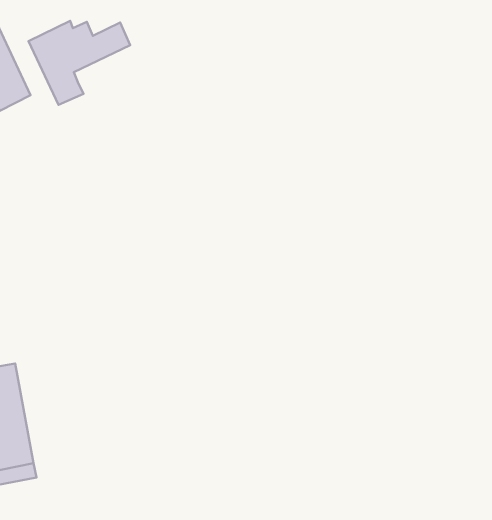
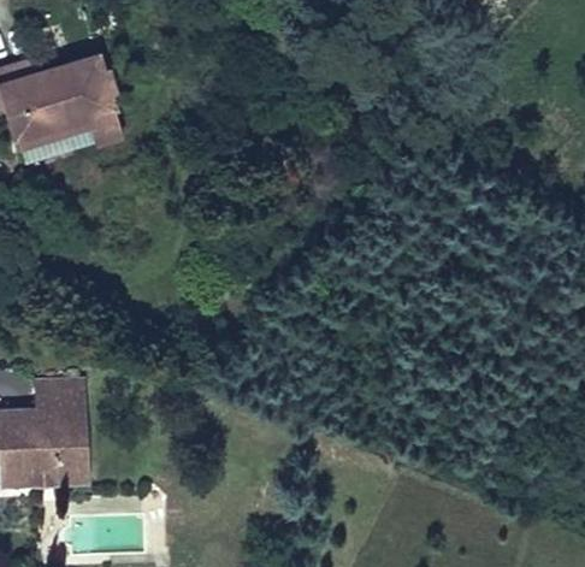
building: [28,21,130,105] -> none

